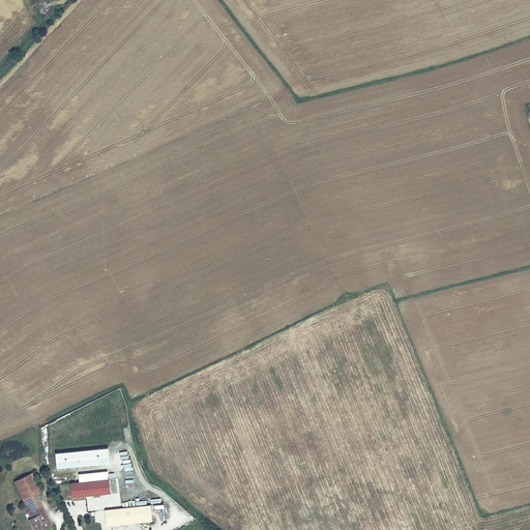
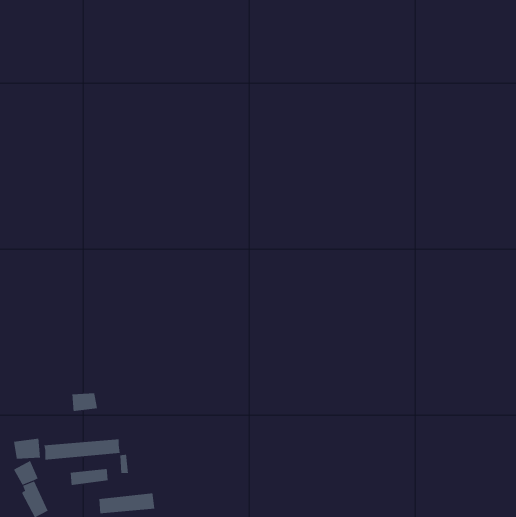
building: none -> [72,393,97,412]
building: none -> [13,438,40,459]

